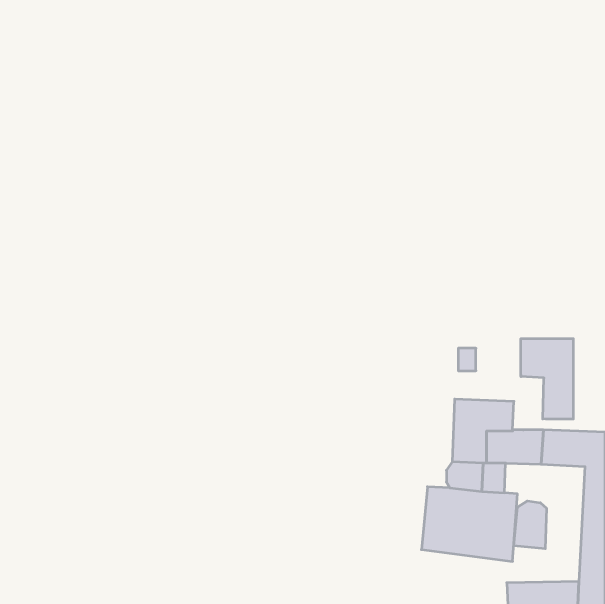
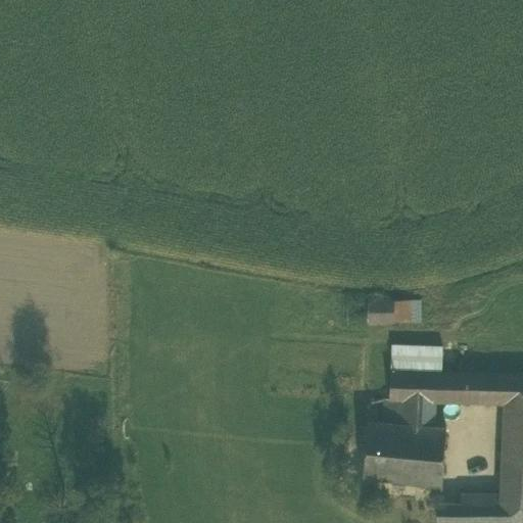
building: [521,339,573,419] -> none
building: none -> [368,301,395,321]
building: [514,501,546,549] -> none

